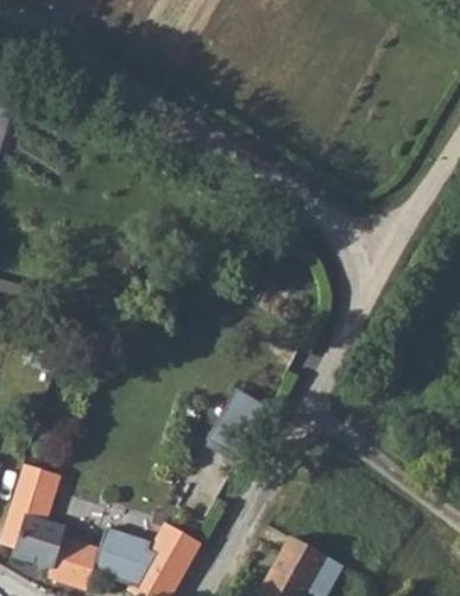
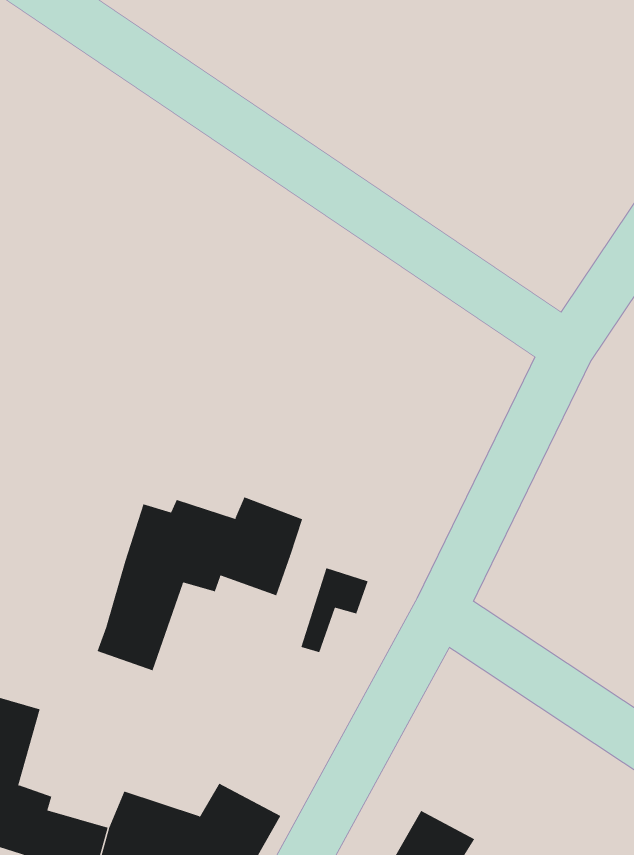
building: none -> [97,497,303,671]

